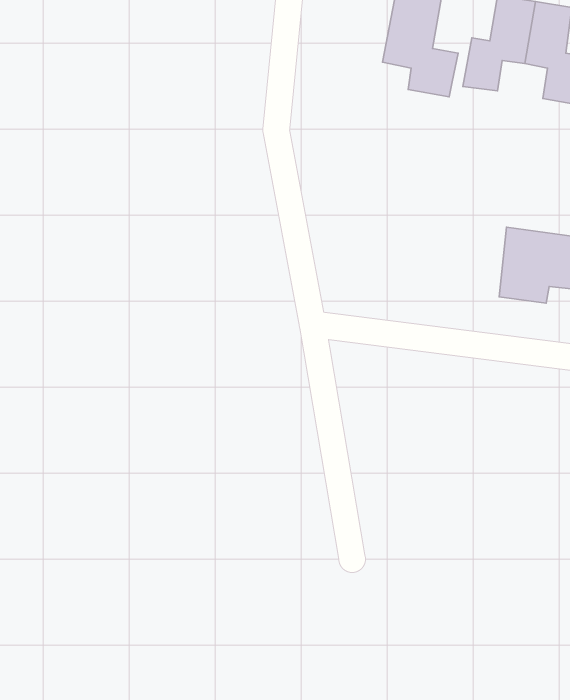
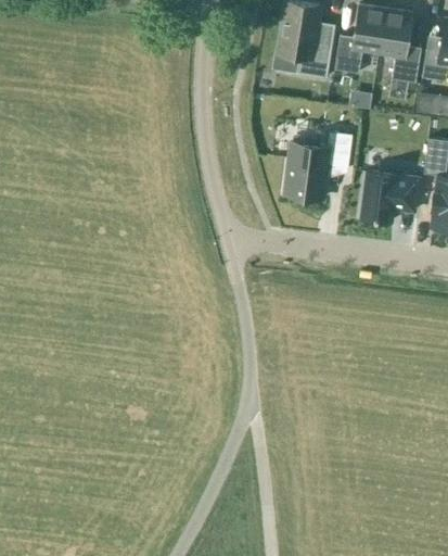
building: none -> [283,130,351,200]

